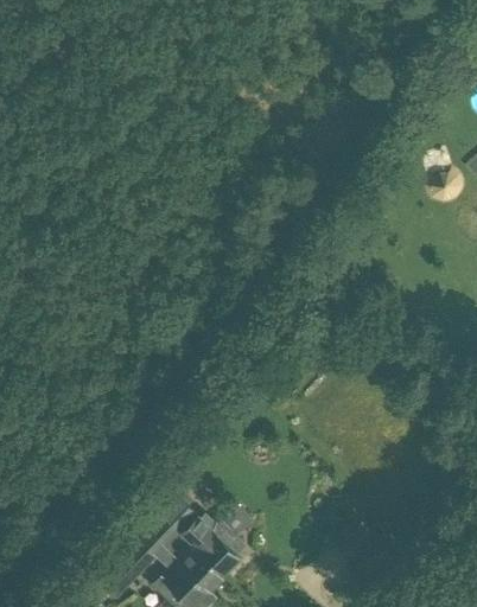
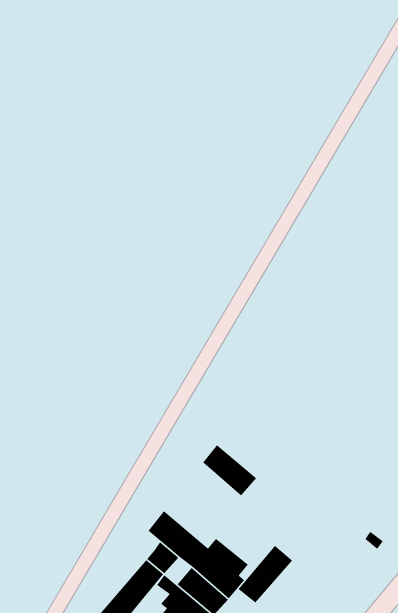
building: none -> [202,444,257,496]
building: none -> [238,545,293,604]

